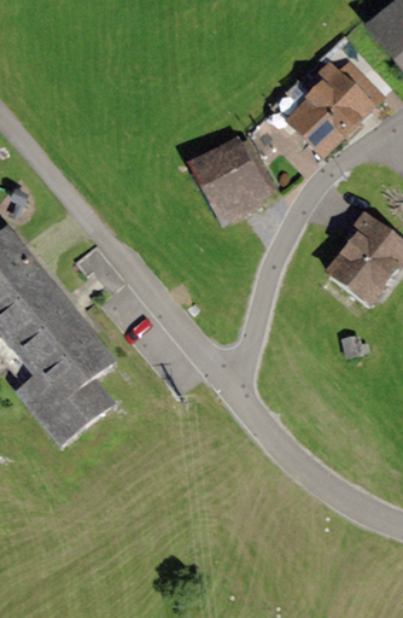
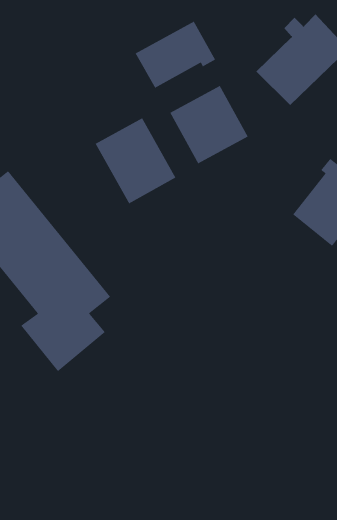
building: none -> [135,20,216,89]
building: none -> [95,117,177,204]

